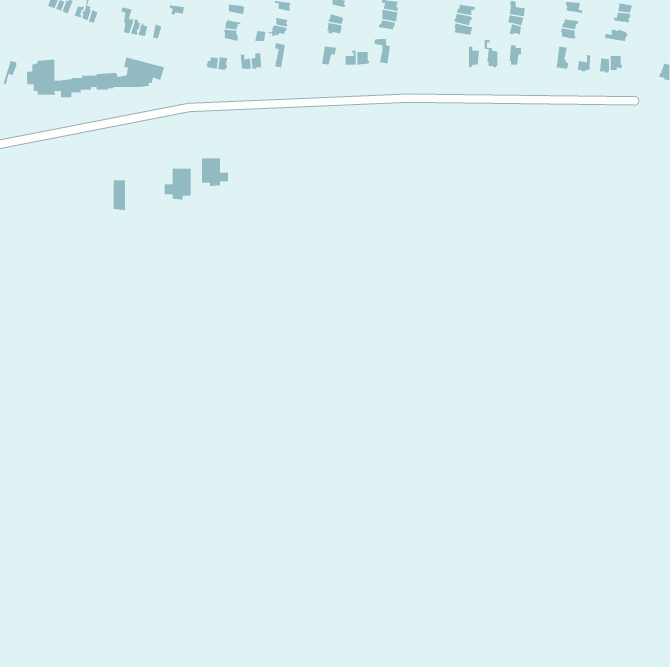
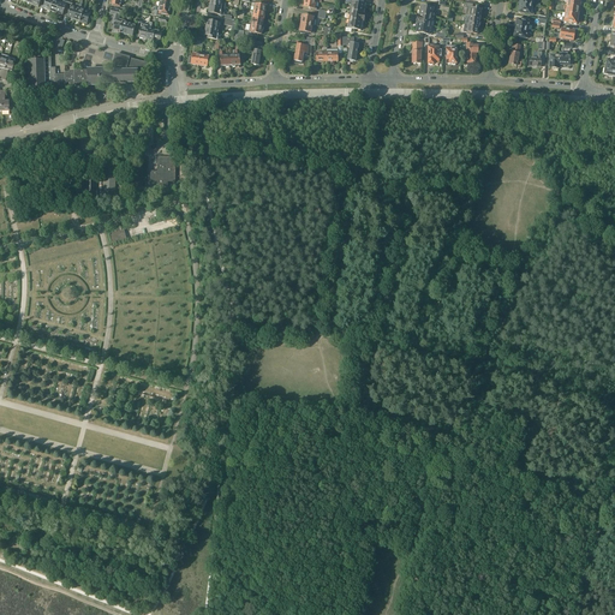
building: [201,158,229,187] -> none

